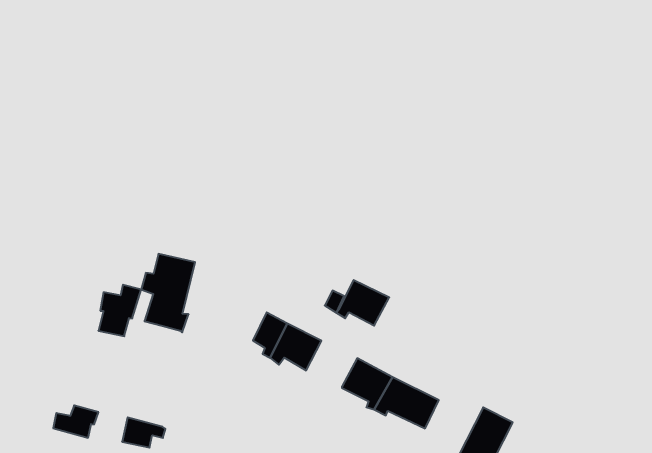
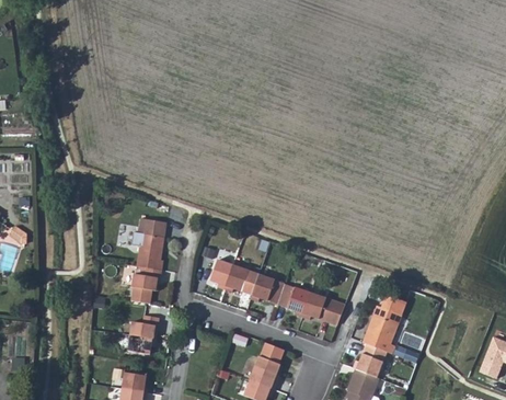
building: [337,280,389,326] -> [249,270,285,300]
building: [98,285,141,336] -> [131,270,159,306]
building: [53,405,98,438] -> [127,319,158,341]

